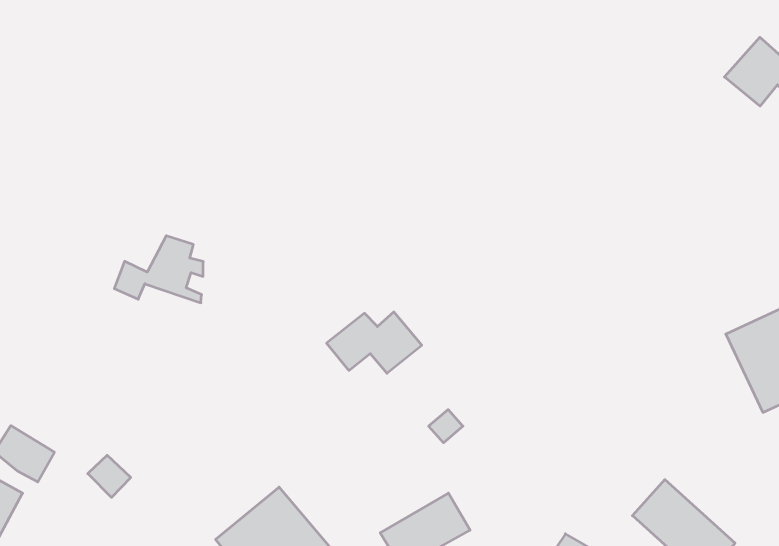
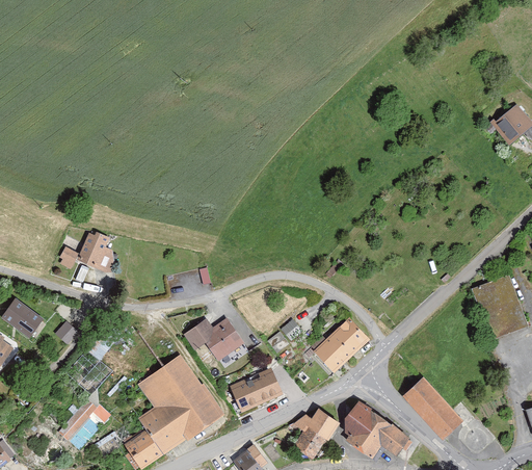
building: [114,236,203,303] -> [56,231,114,276]
building: [327,312,422,373] -> [181,316,241,356]
building: none -> [313,319,367,372]

